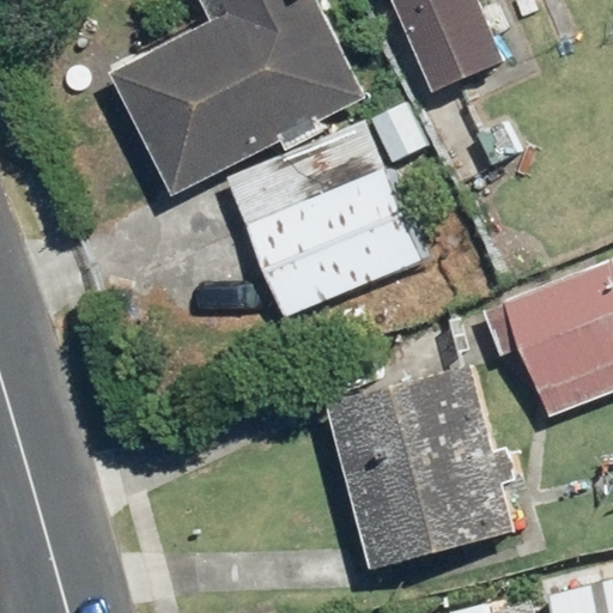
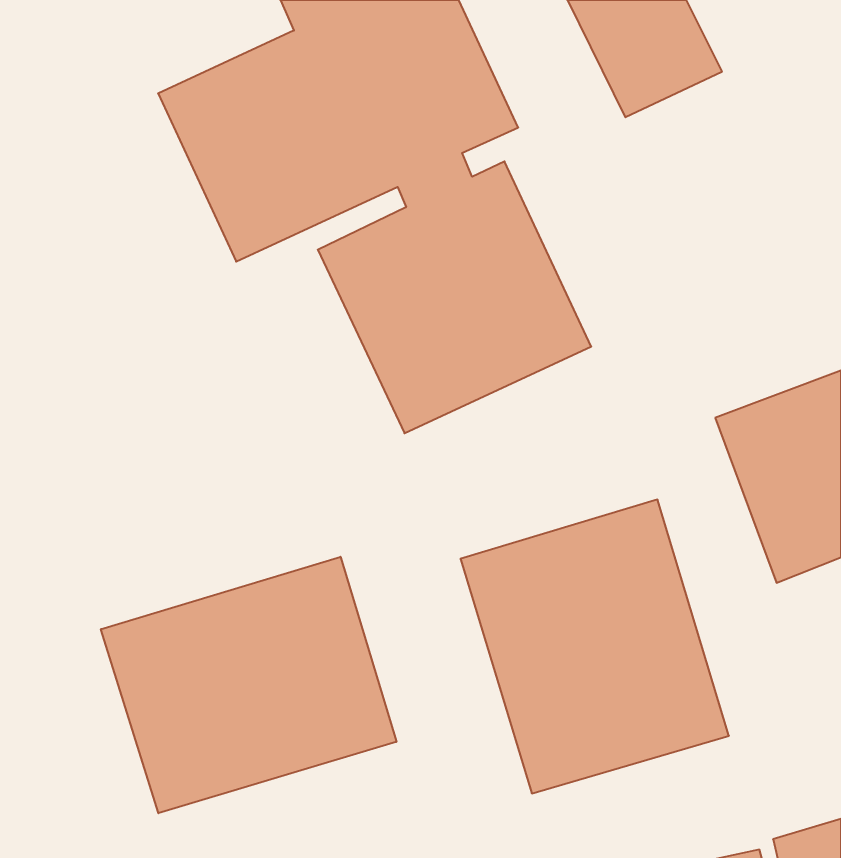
building: none -> [101,557,396,813]

